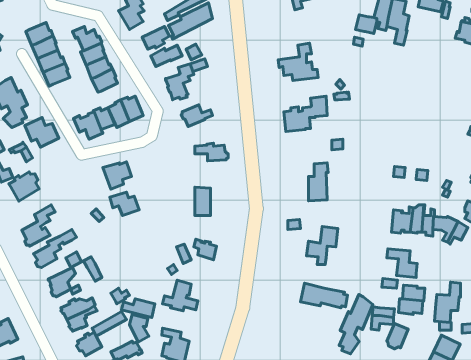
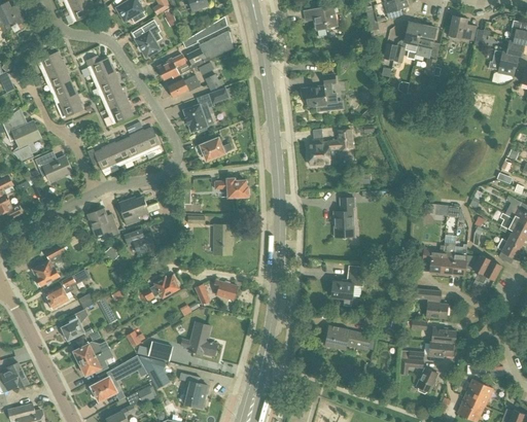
building: [9,172,39,201] -> none
building: none -> [87,208,124,237]
building: none -> [142,275,179,300]
building: [434,282,461,322] -> none
building: [339,294,373,354] -> none

